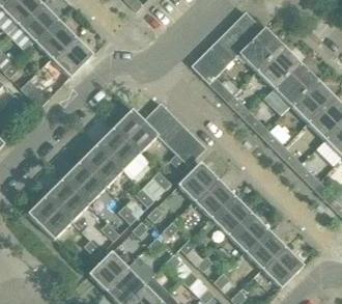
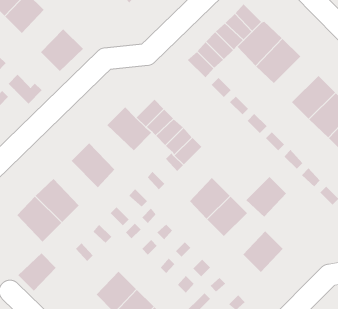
building: [33,18,73,58] -> none
building: [274,62,316,106] -> none
building: [97,128,140,170] -> none
building: [63,162,106,204] -> none
building: [177,163,215,200] -> none
building: [226,212,265,251] -> [246,176,287,217]
building: [261,246,303,287] -> none
building: [88,252,125,289] -> [18,252,57,292]

